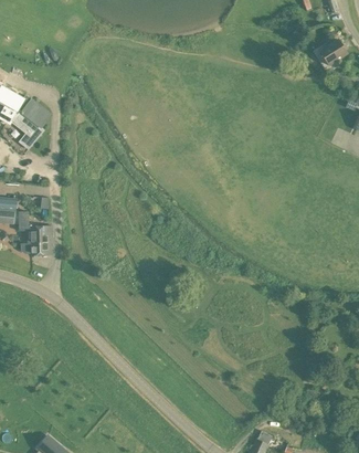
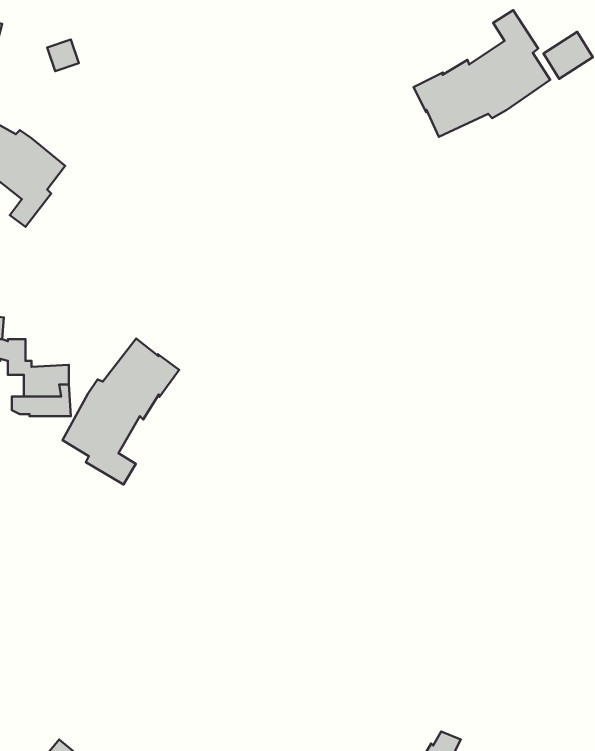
building: none -> [413,10,550,137]
building: none -> [62,338,179,484]

